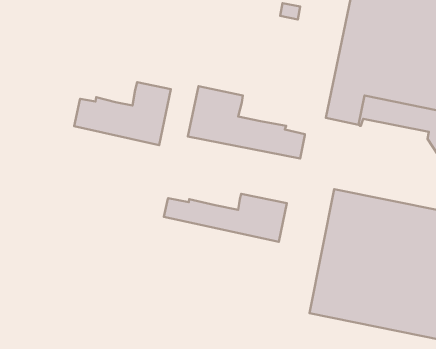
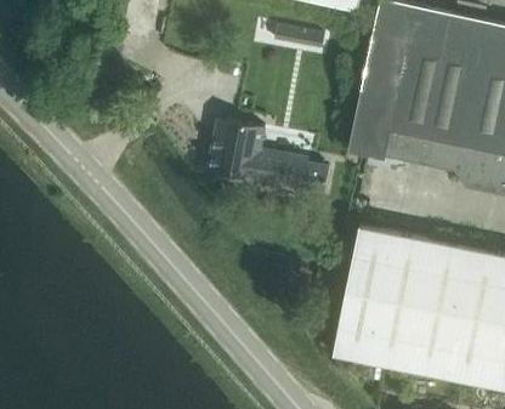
building: [74,82,171,145] -> none
building: [164,194,287,242] -> none

